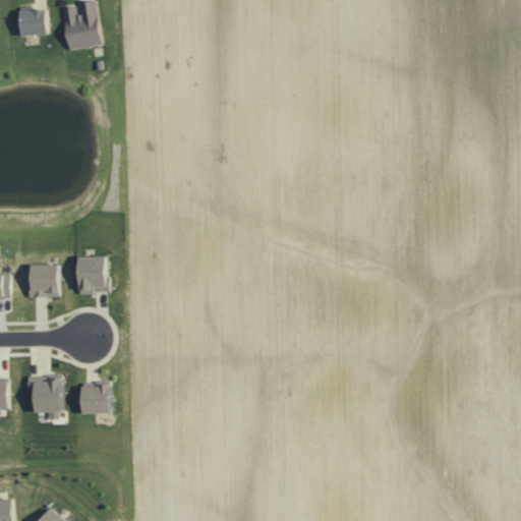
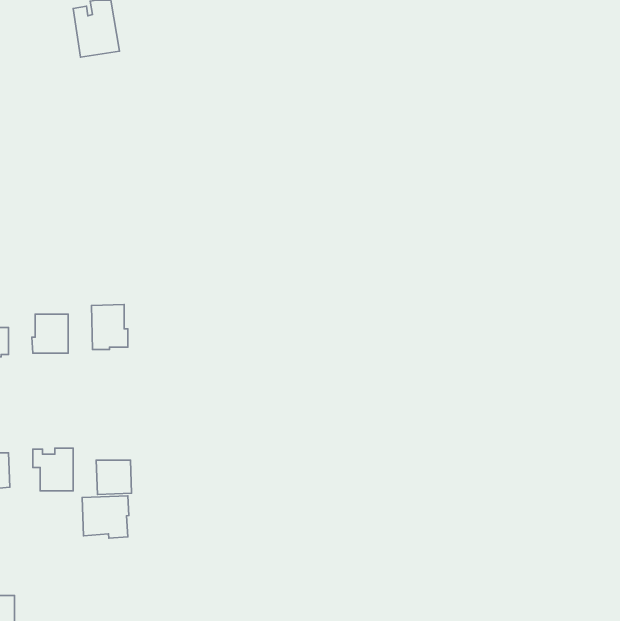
building: [17,8,46,35] -> none
building: none -> [82,496,129,538]

